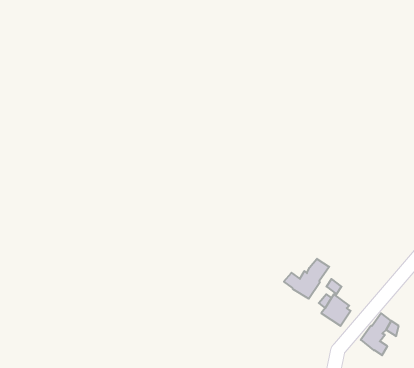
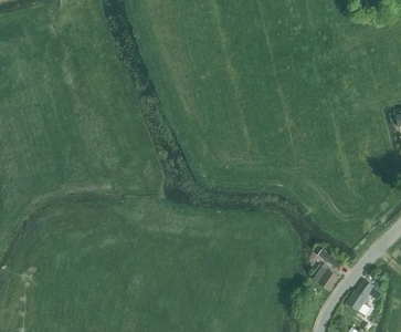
building: [284,259,329,299] -> none

